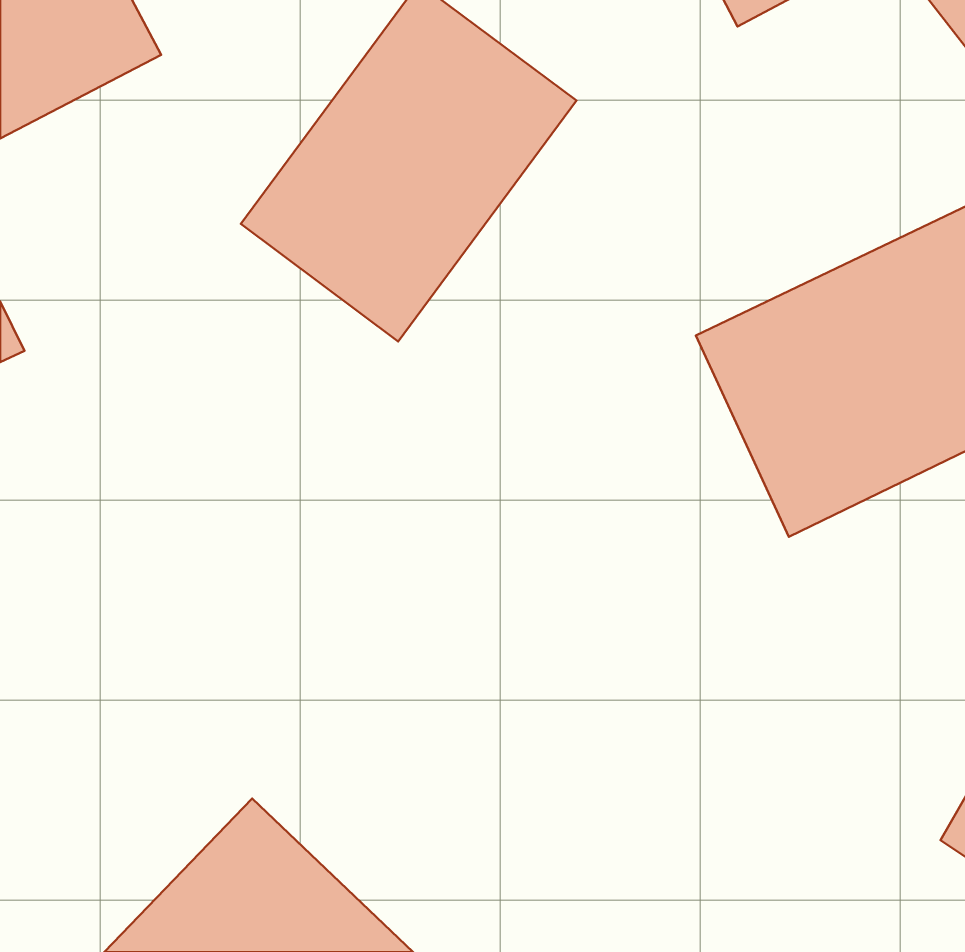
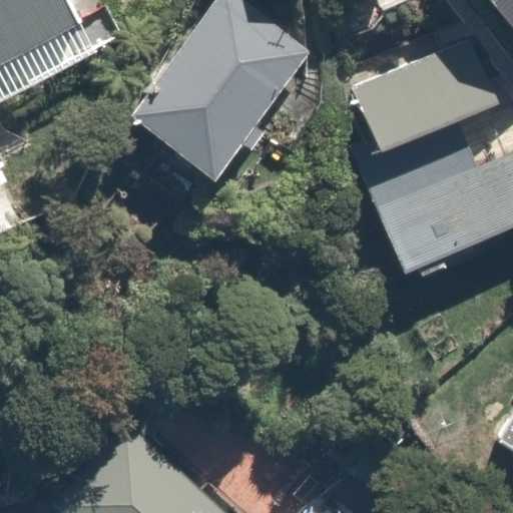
building: none -> [351,35,498,161]

